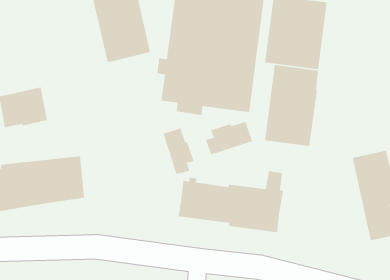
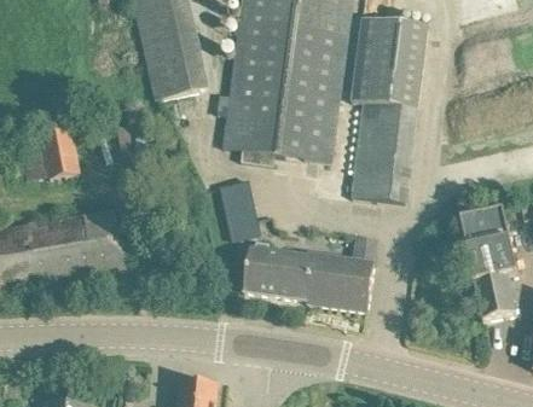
building: [205,121,253,155] -> none

